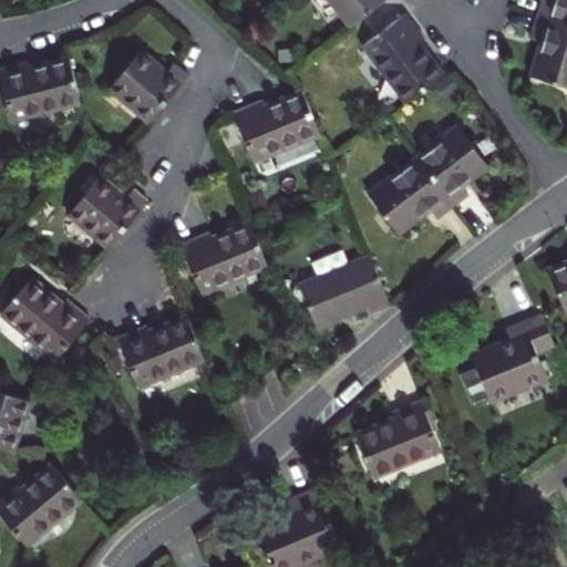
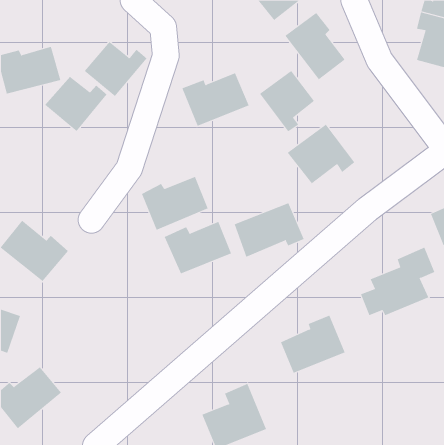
building: [416,128,487,207] -> [259,70,315,132]
building: [68,178,147,249] -> [45,76,107,132]
building: [116,319,203,386] -> [164,221,232,274]

